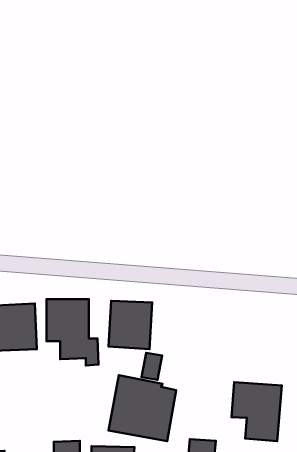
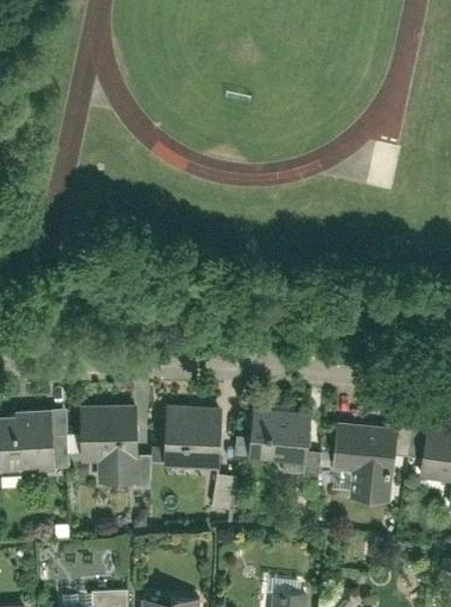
building: none -> [248,409,310,466]
building: [108,375,176,441] -> none
building: [232,382,282,441] -> [332,424,399,502]

